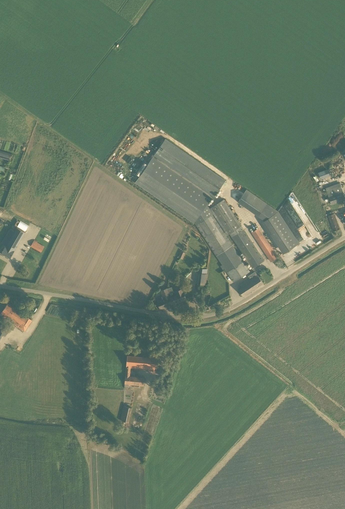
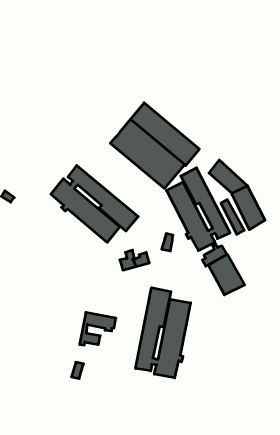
building: none -> [51,165,138,242]
building: none -> [208,254,245,295]
building: none -> [136,288,191,378]

